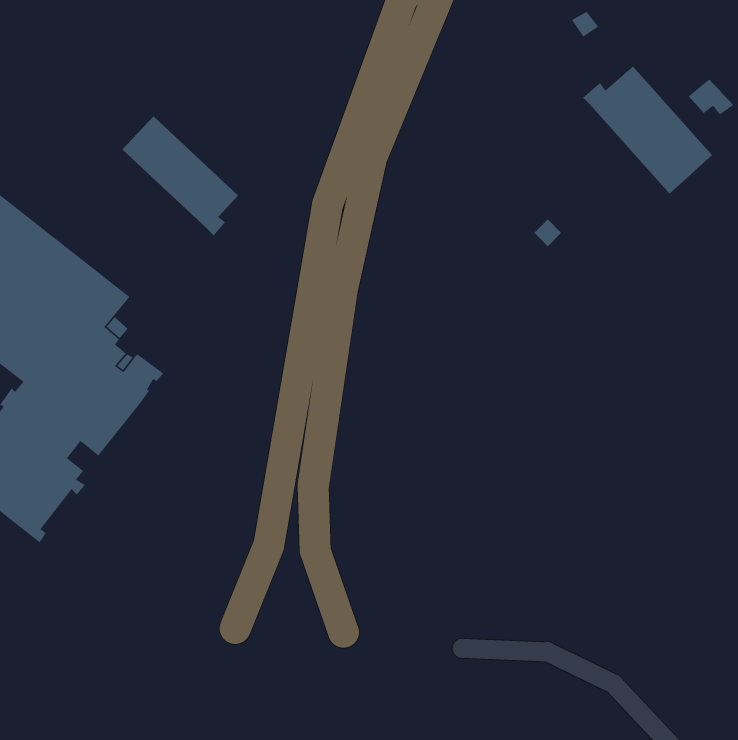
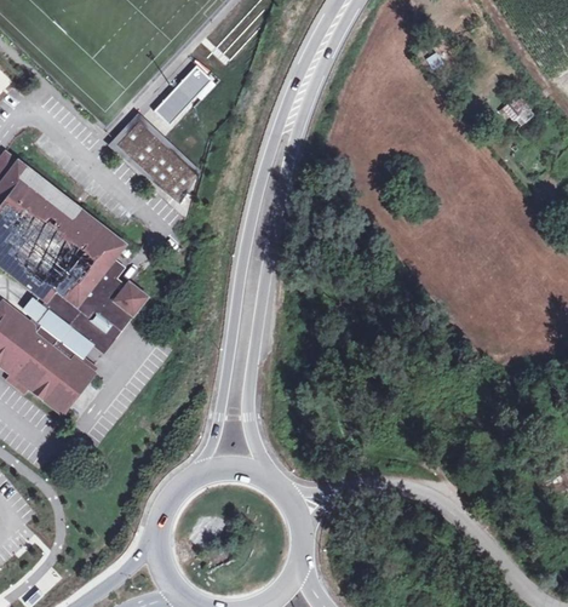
building: none -> [154,63,212,124]
building: [582,66,713,194] -> none

